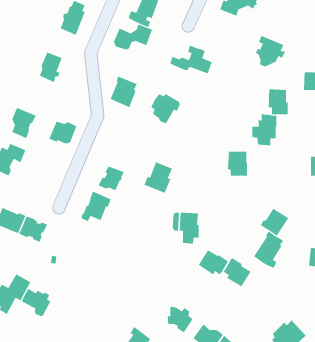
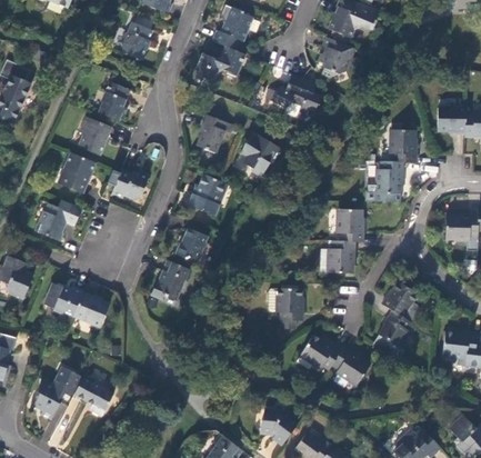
building: [255,35,286,67] -> [318,36,358,77]
building: none -> [76,119,108,157]
building: [144,162,173,194] -> [186,176,223,217]
building: none -> [331,242,357,275]

